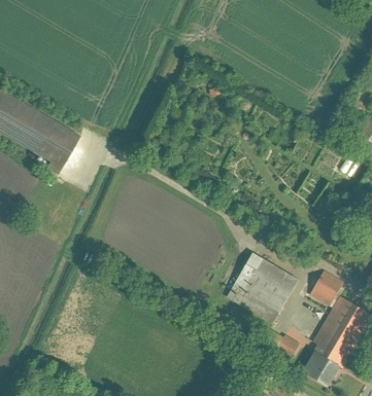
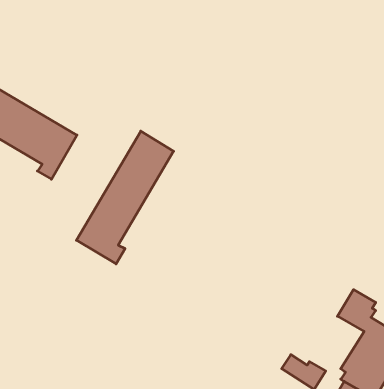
building: none -> [76,131,174,264]
building: [227,253,300,325] -> none

